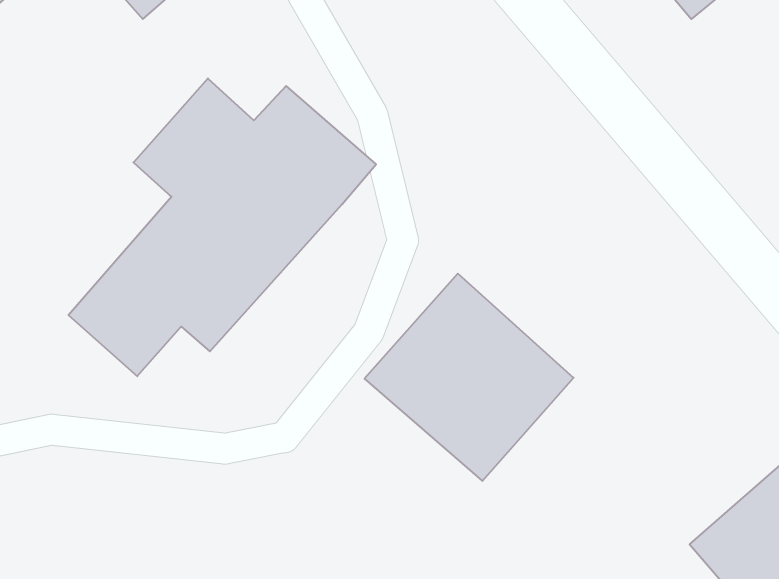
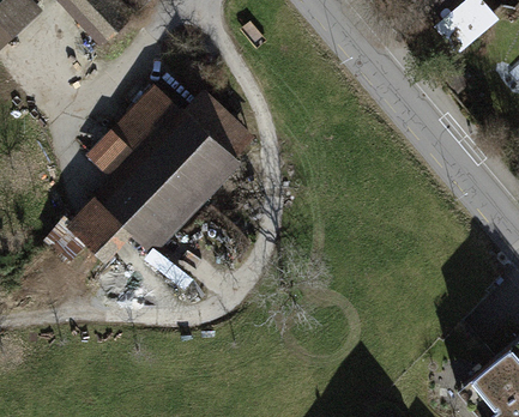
building: [365,274,574,481] -> none

